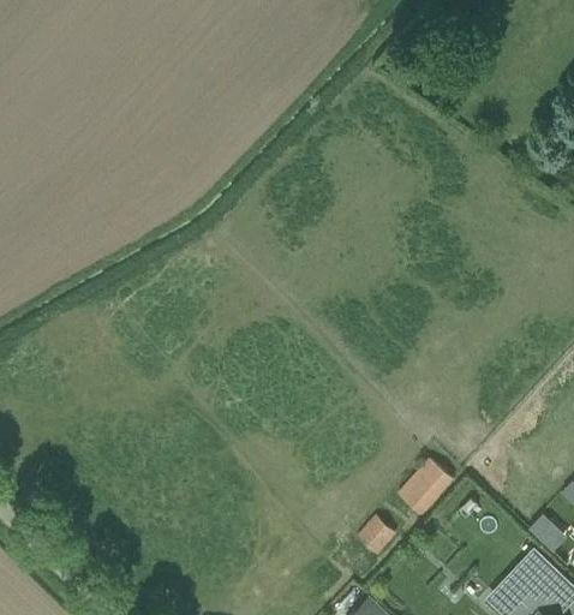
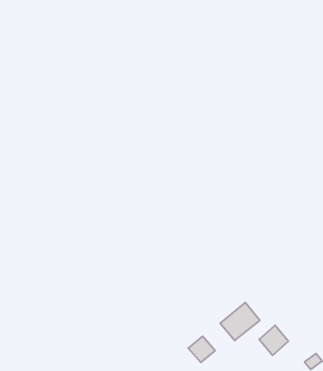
building: none -> [259,325,288,355]

